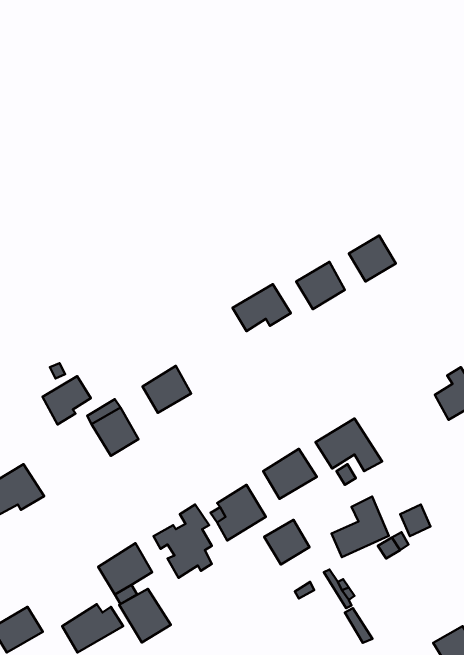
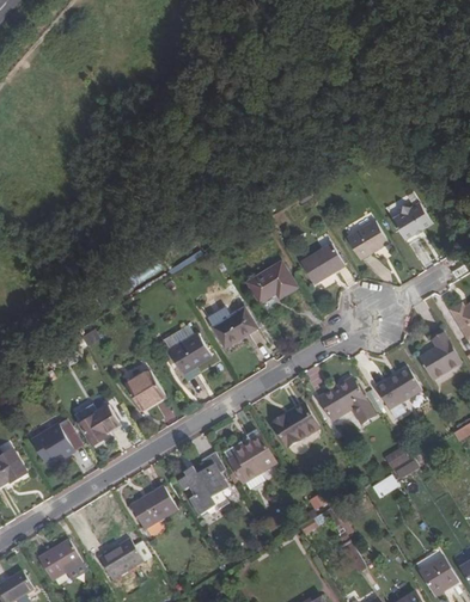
building: none -> [390,202,432,240]
building: none -> [210,307,255,346]
building: [42,376,91,425] -> [78,404,120,446]
building: none -> [377,368,420,410]
building: [331,497,389,557] -> none
building: [264,520,309,565] -> none
building: [119,589,171,642] -> none

